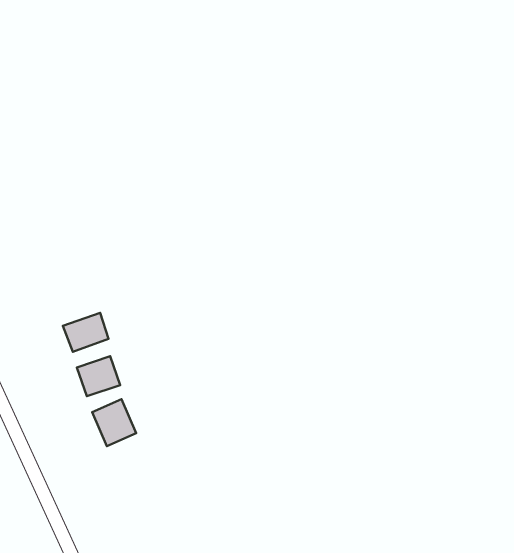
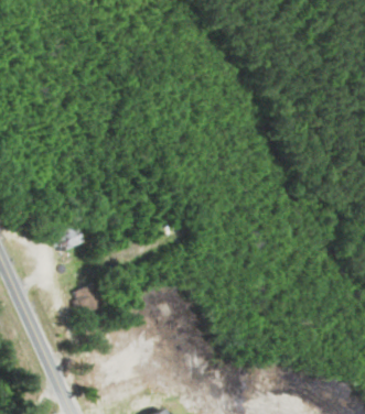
building: [77,356,120,396] -> none

